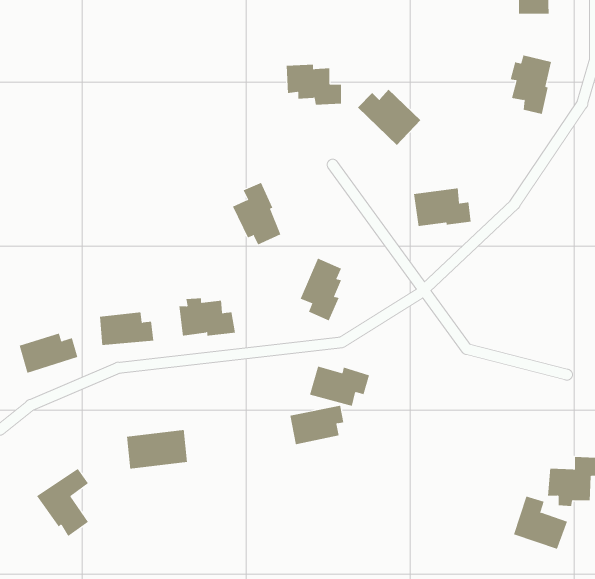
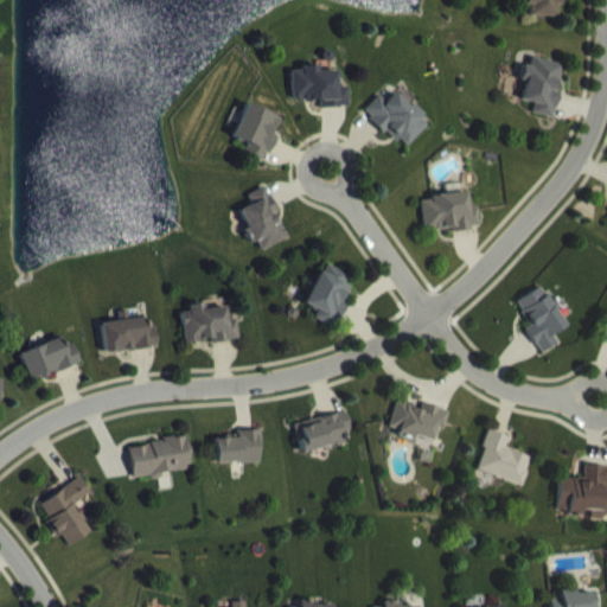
building: none -> [234,103,282,159]
building: none -> [516,285,566,352]
building: [309,366,370,407] -> [388,400,449,441]
building: none -> [215,429,261,462]
building: [513,496,568,550] -> [477,429,532,484]

